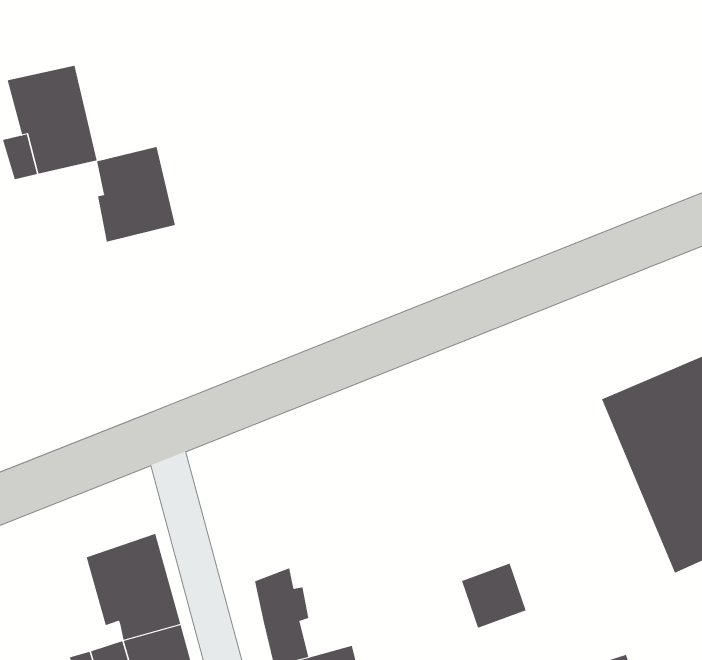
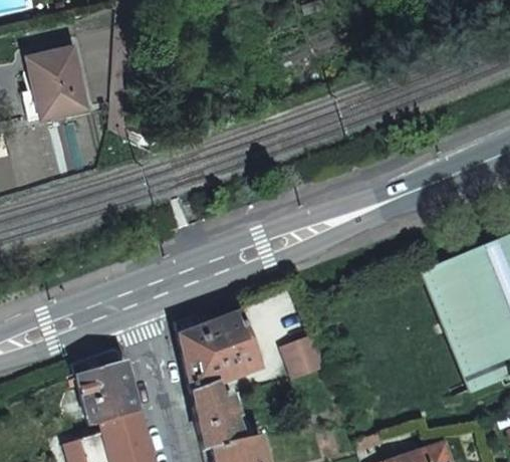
building: [97,146,175,243] -> none
building: none -> [181,312,260,394]
building: [461,563,527,629] -> [283,335,327,380]

